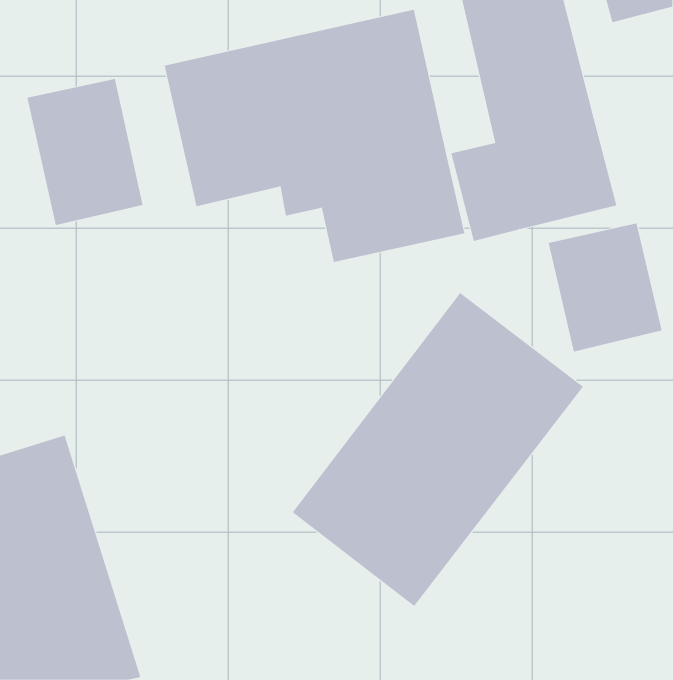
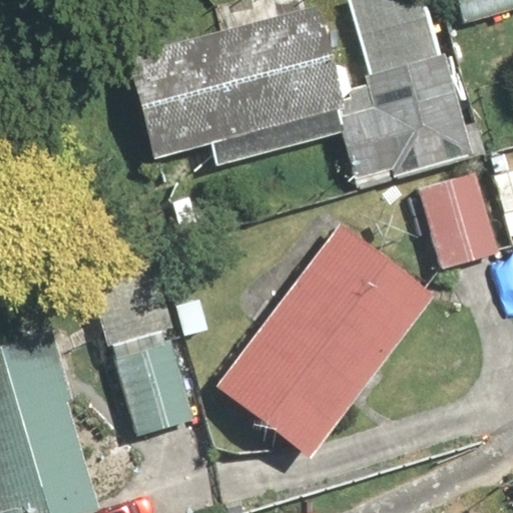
building: [27,78,143,226] -> none
building: none -> [112,333,193,432]

